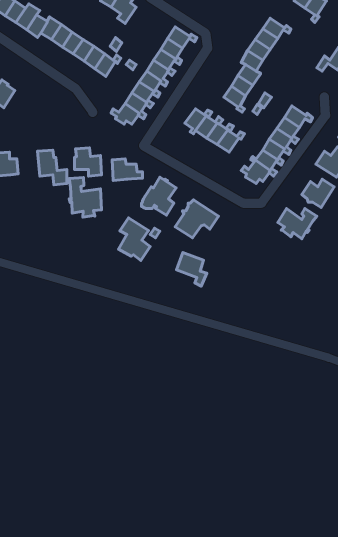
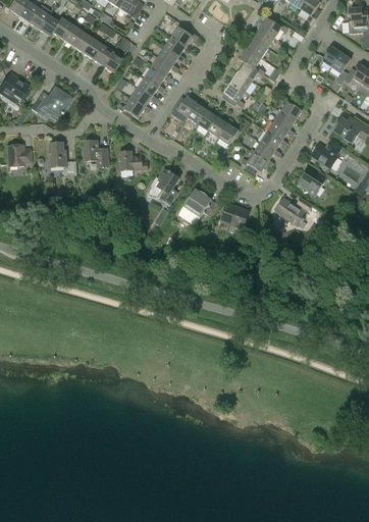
building: none -> [30,85,71,120]
building: none -> [169,95,197,121]
building: [69,178,102,217] -> none
building: [119,218,150,260] -> none
building: [176,253,207,286] -> [221,203,250,234]

